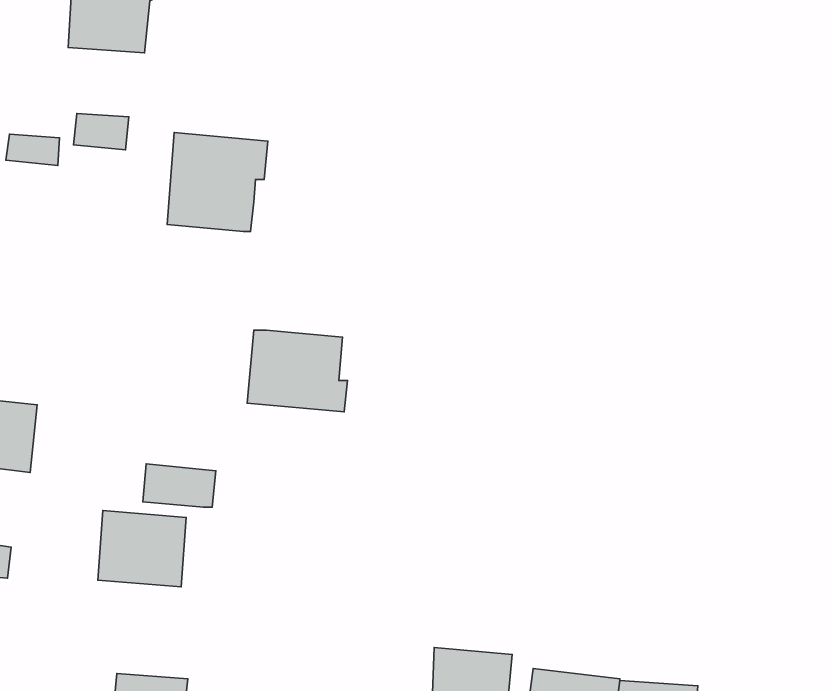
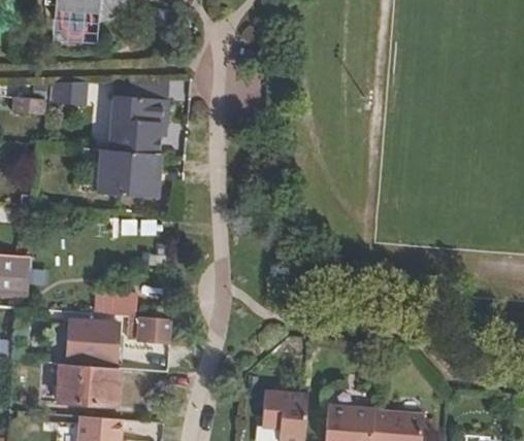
building: [247,330,348,412] -> [98,148,158,197]
building: none -> [129,316,171,341]
building: none -> [59,363,121,405]

